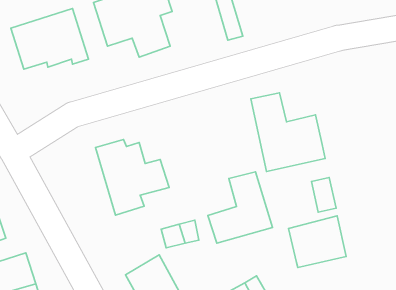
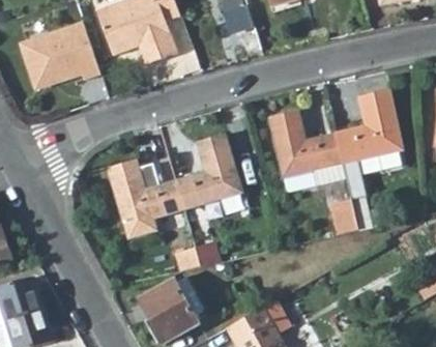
building: none -> [335,89,401,163]
building: [208,172,272,243] -> [173,133,240,207]
building: [289,216,346,267] -> none

